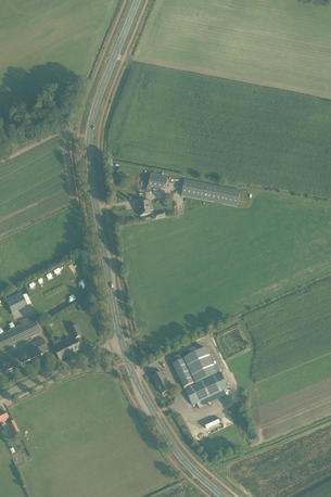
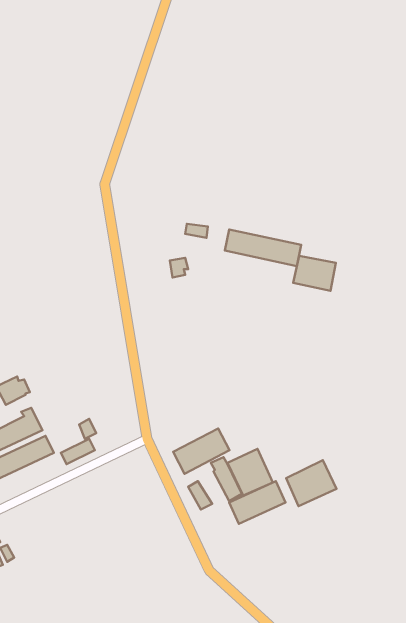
building: none -> [293,256,336,291]
building: none -> [173,428,229,474]
building: none -> [286,460,337,506]

